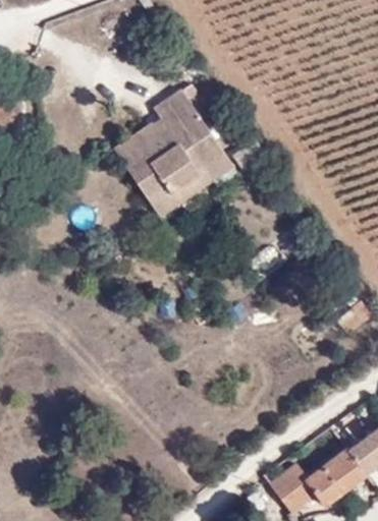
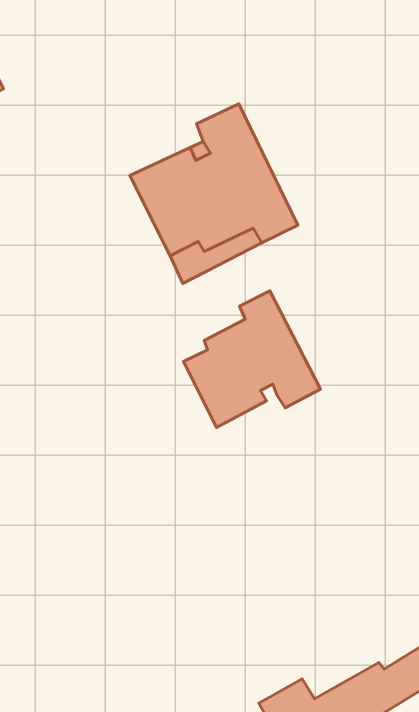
building: none -> [184,291,320,428]

